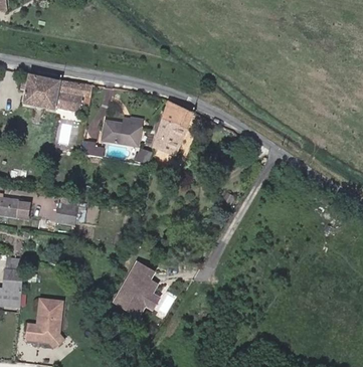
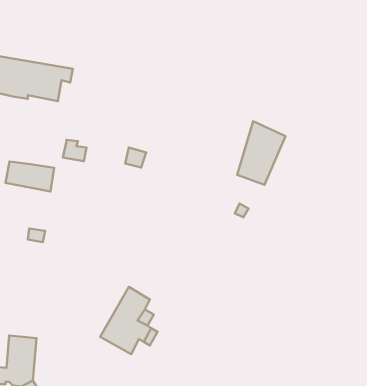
building: [153,102,192,153] -> [237,121,286,185]
building: [101,122,140,146] -> [6,162,54,192]

